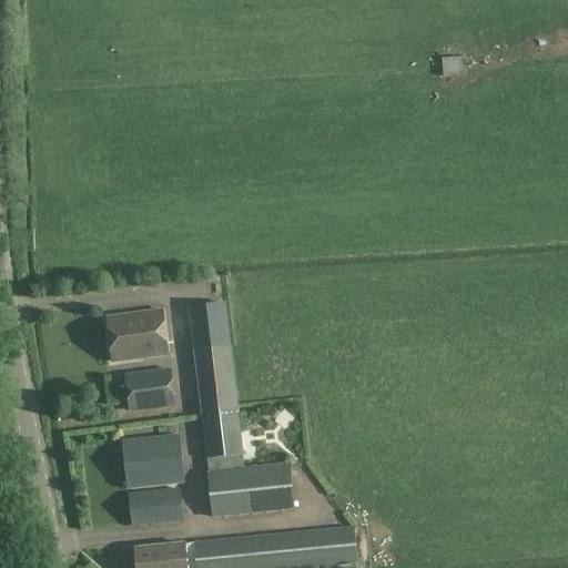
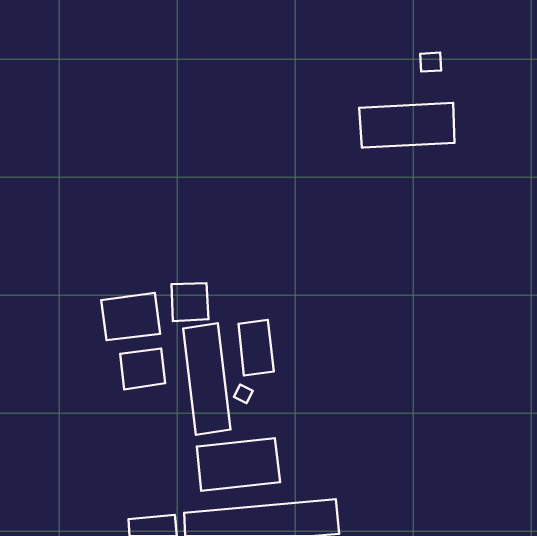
building: none -> [359,103,455,148]
building: none -> [238,320,274,376]
building: [126,438,181,487] -> none
building: [130,489,182,525] -> none

